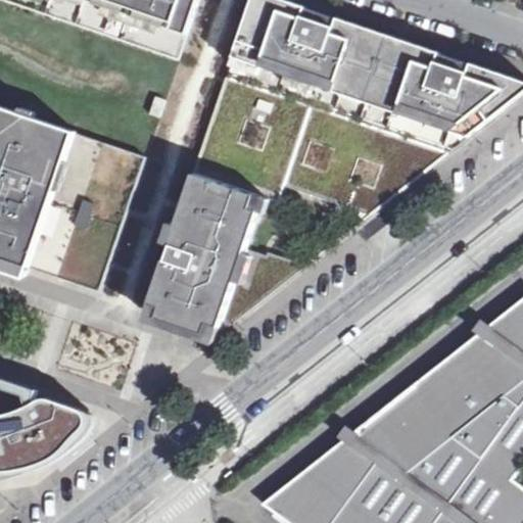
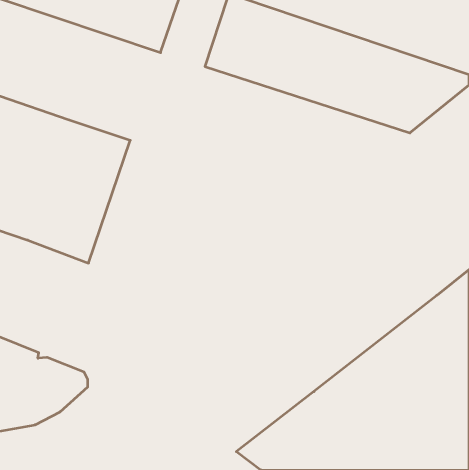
building: [147,165,266,332] -> none

